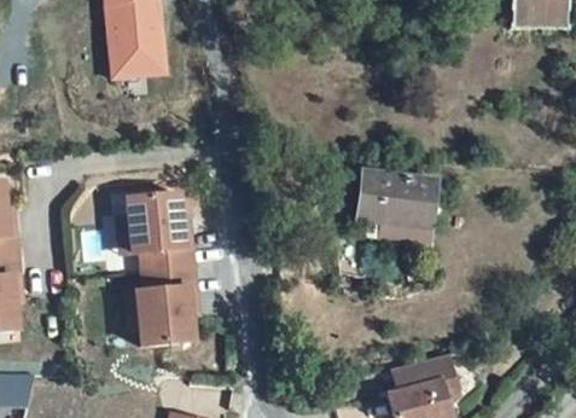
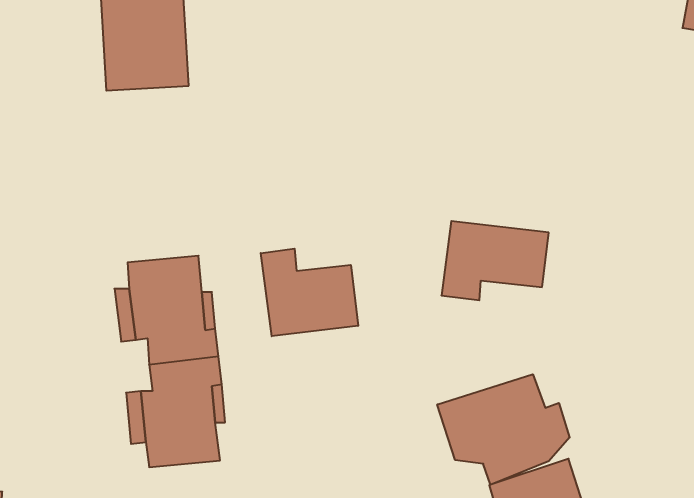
building: none -> [261,249,358,336]
building: none -> [437,374,570,485]

